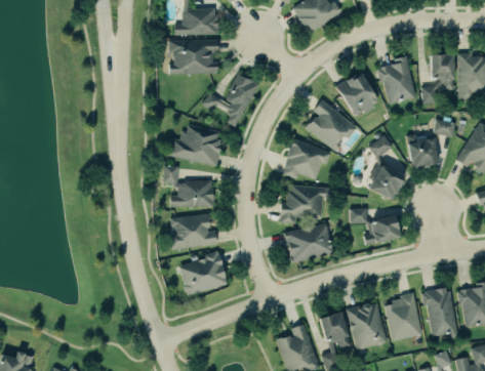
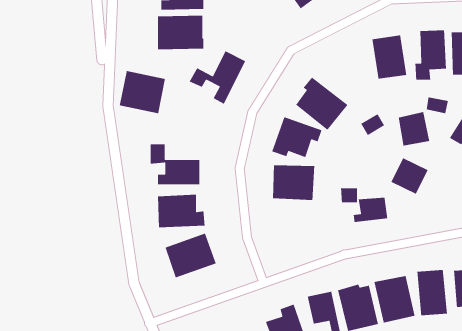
building: [335,72,379,119] -> none
building: [175,122,221,165] -> [119,70,166,114]
building: [366,162,404,199] -> [390,157,429,195]
building: [283,222,333,262] -> none

